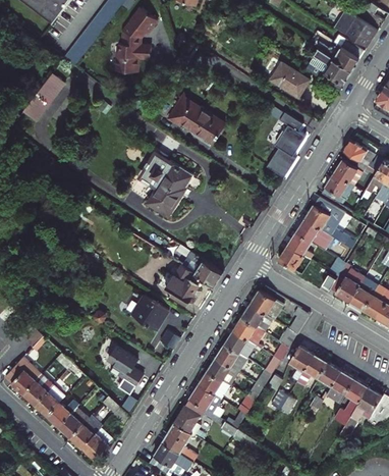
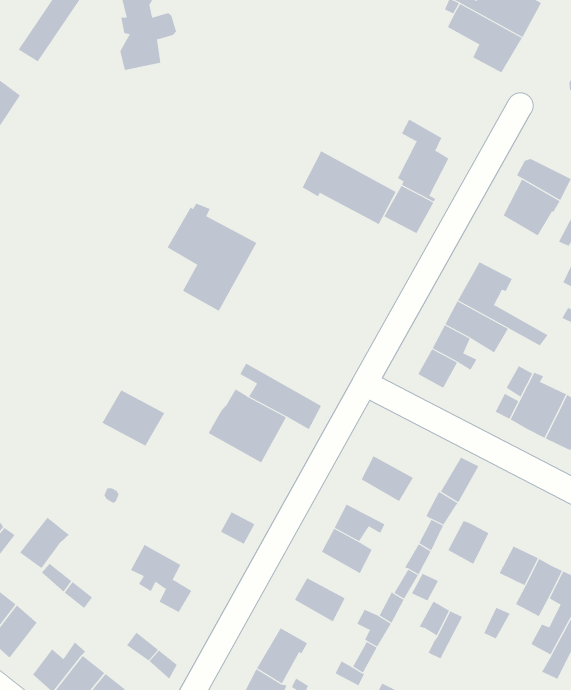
building: [270,62,309,98] -> none
building: [170,98,224,143] -> [302,151,397,225]
building: [321,171,353,203] -> none
building: [251,288,284,319] -> none
building: [131,296,168,329] -> [102,390,165,447]
building: [233,317,264,348] -> none
building: [297,353,327,385] -> none
building: [208,357,238,384] -> none
building: [190,383,221,412] -> none
building: [35,386,64,416] -> [19,517,70,569]

